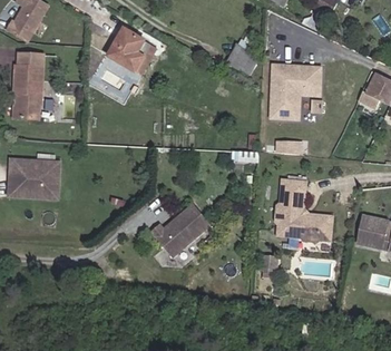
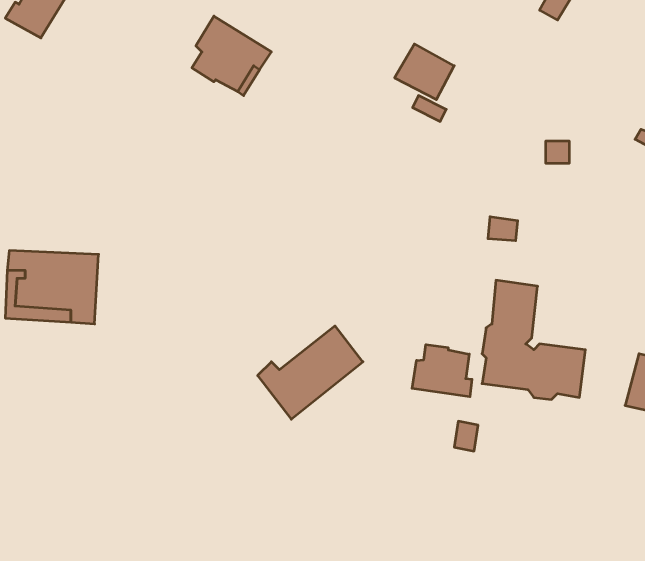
building: [14,51,43,117] -> none
building: [271,65,320,118] -> none
building: none -> [412,345,472,397]

